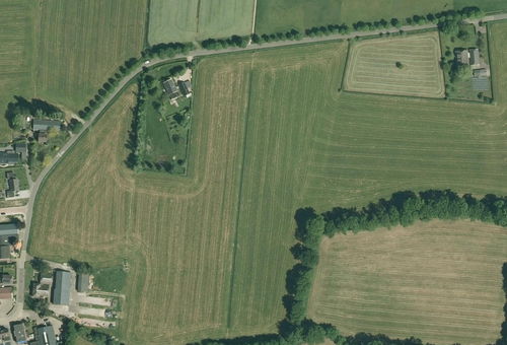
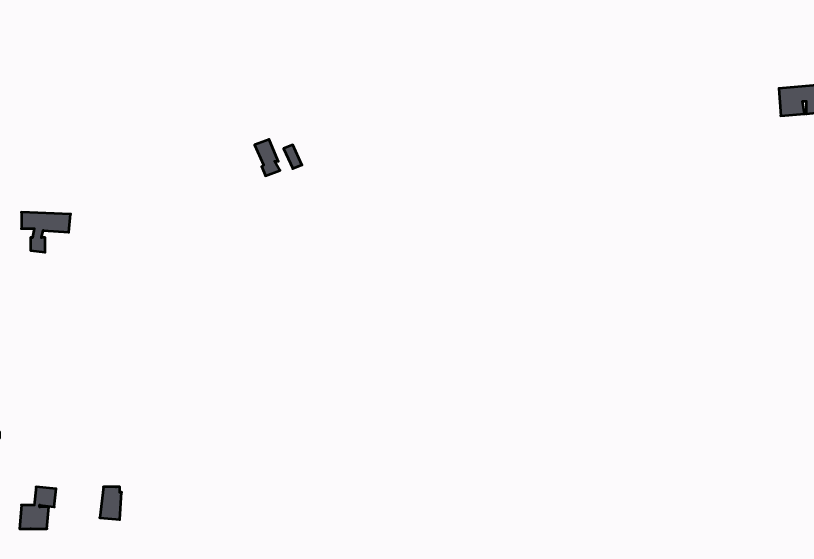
building: [53,271,71,304] -> none

